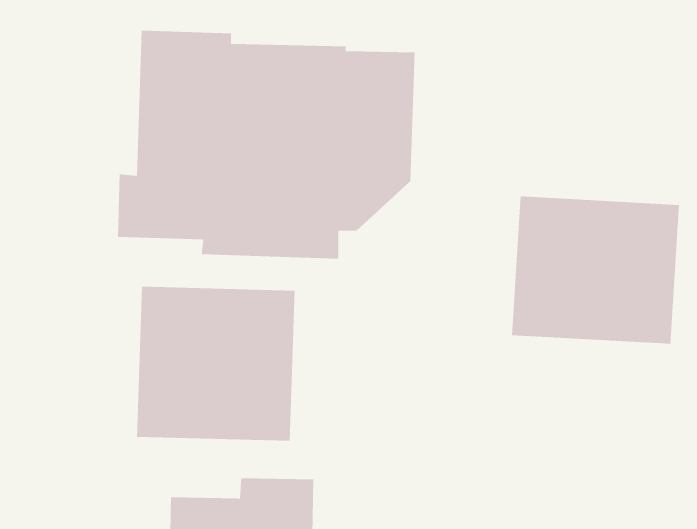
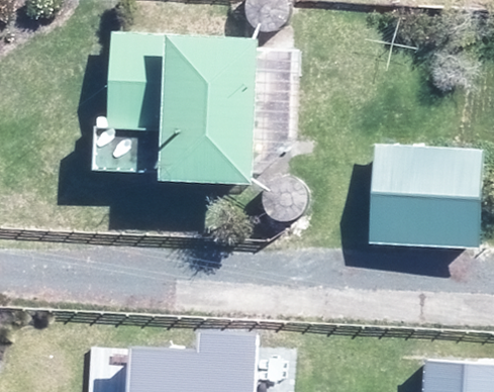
building: [136,286,295,442] -> none

